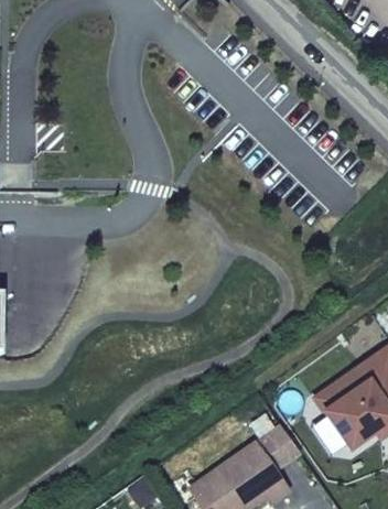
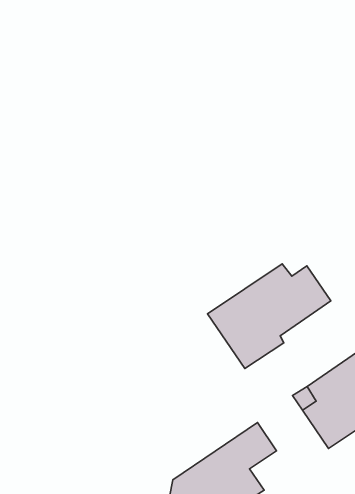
building: none -> [208,264,331,369]

